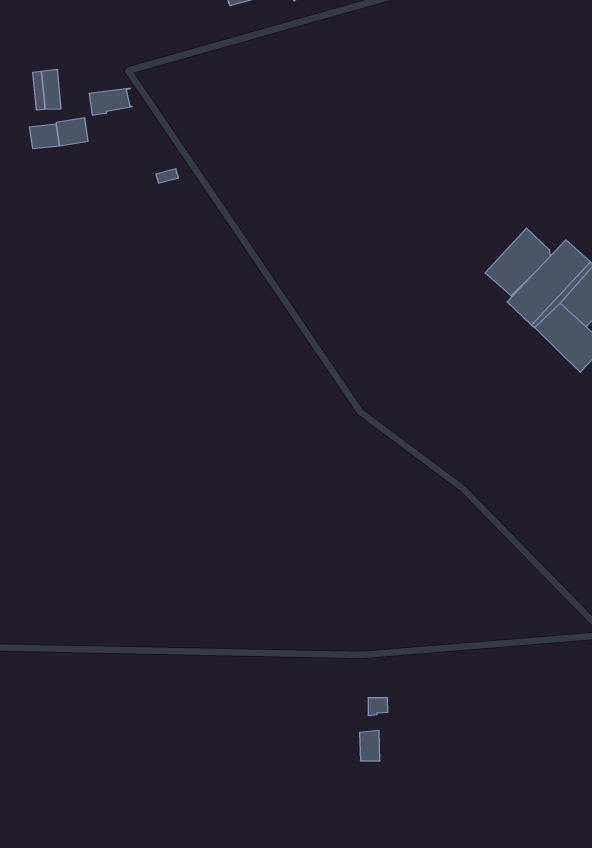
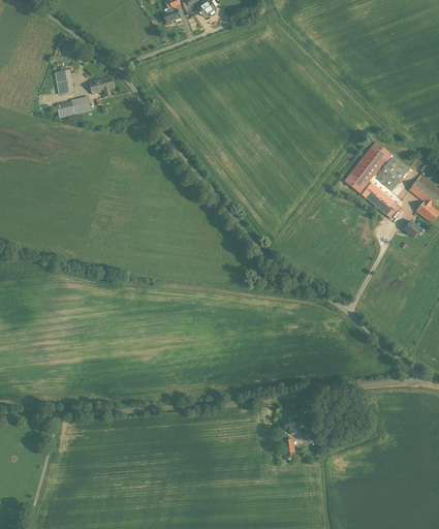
building: [485,228,550,296] -> none

